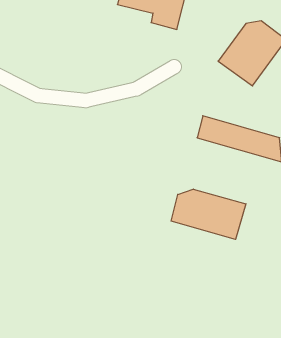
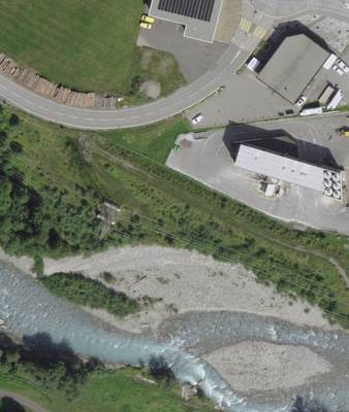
building: [171,189,246,239] -> none

